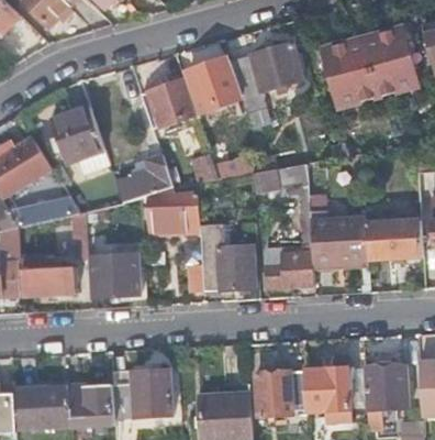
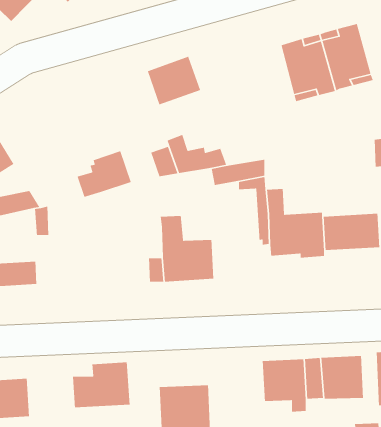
building: [228,45,300,130] -> none
building: [140,80,194,129] -> none
building: [49,108,109,175] -> none
building: [153,194,200,236] -> none
building: [263,249,312,287] -> none
building: [88,254,138,298] -> none
building: [254,370,304,417] -> none
building: [65,385,112,428] -> none

